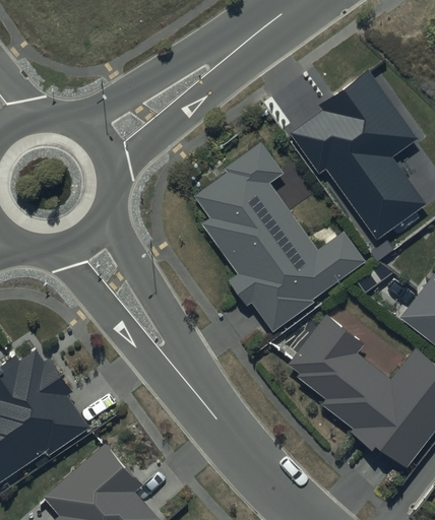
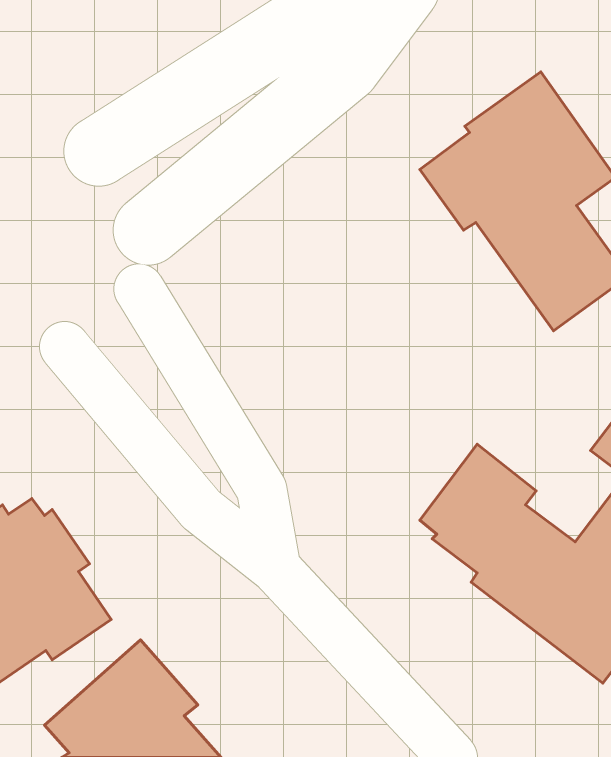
building: [193,142,366,331] -> none

